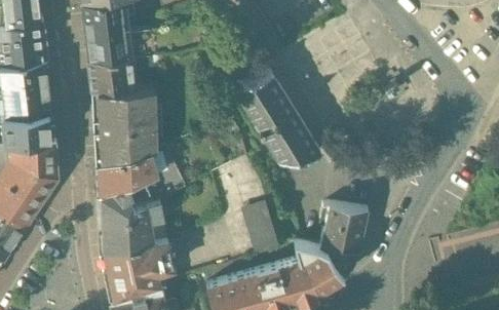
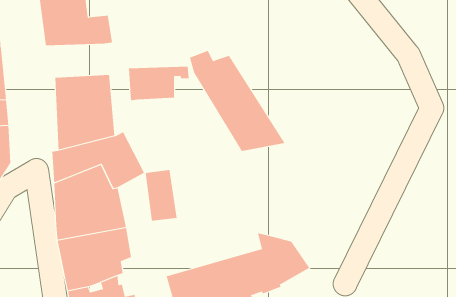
building: [89,61,149,94] -> [128,66,190,101]
building: [245,201,277,251] -> [145,170,178,221]
building: [320,208,369,278] -> none

